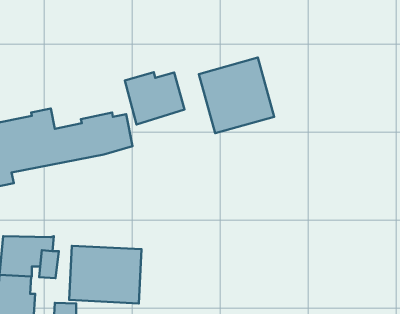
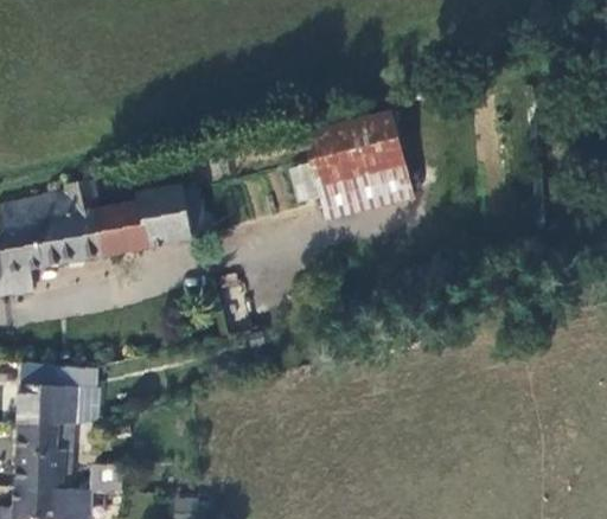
building: [125,72,185,124] -> none
building: [69,246,142,303] -> none

